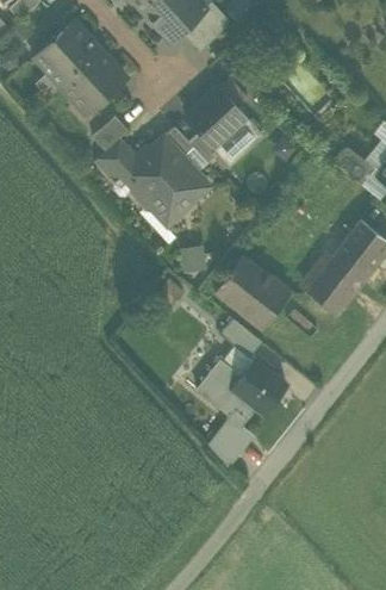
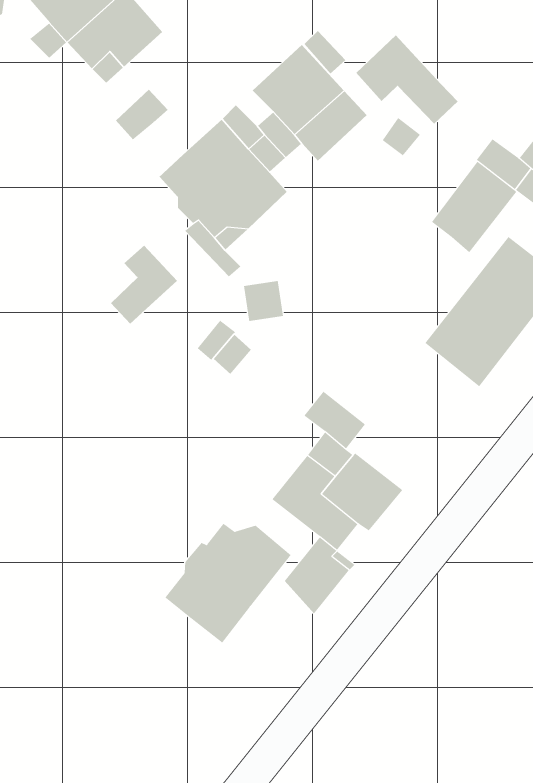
building: none -> [355,34,458,125]
building: [96,138,139,175] -> none
building: none -> [431,161,517,253]
building: none -> [110,245,178,325]
building: [213,254,291,328] -> none
building: none -> [164,523,292,643]

